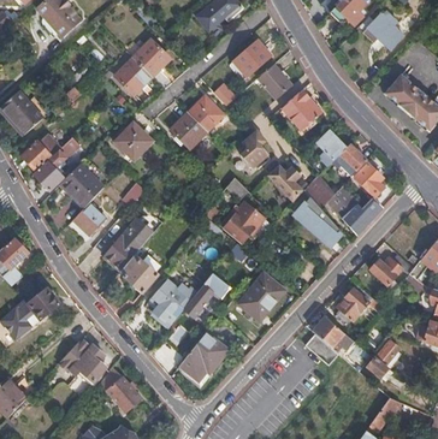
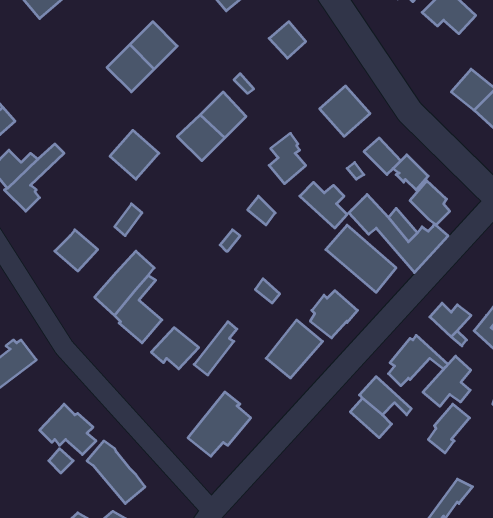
building: [258,63,292,99] -> none
building: [60,162,103,207] -> none
building: [225,203,262,241] -> [310,291,358,338]
building: none -> [423,356,471,406]

